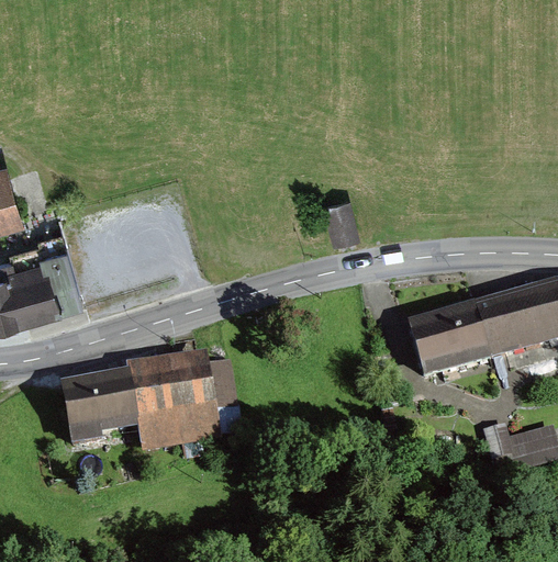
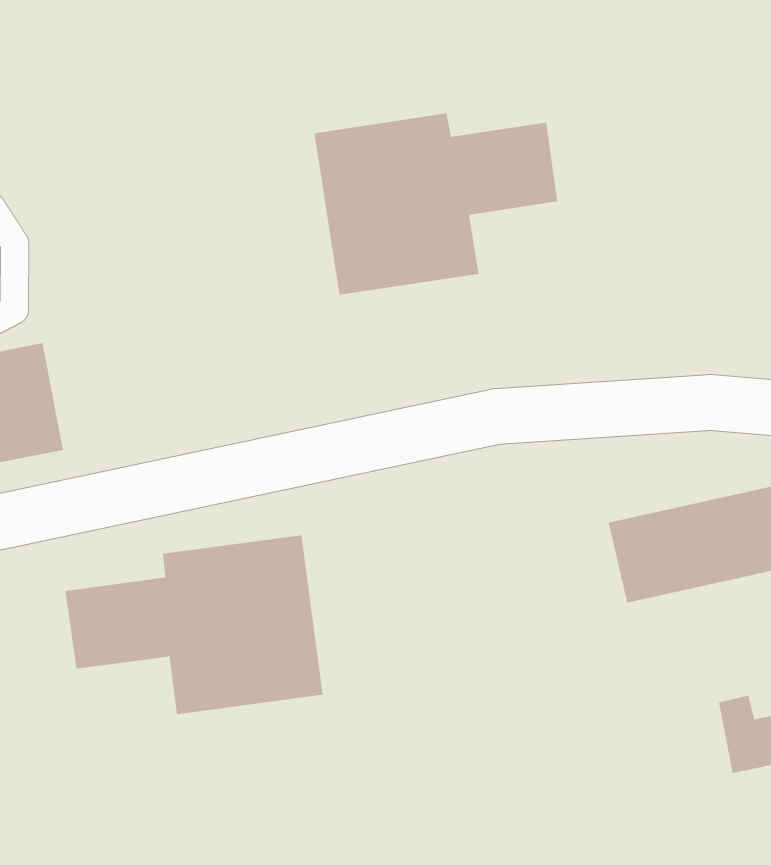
building: none -> [314,112,558,296]
building: [321,193,356,240] -> none

